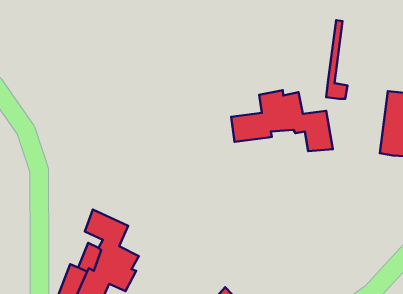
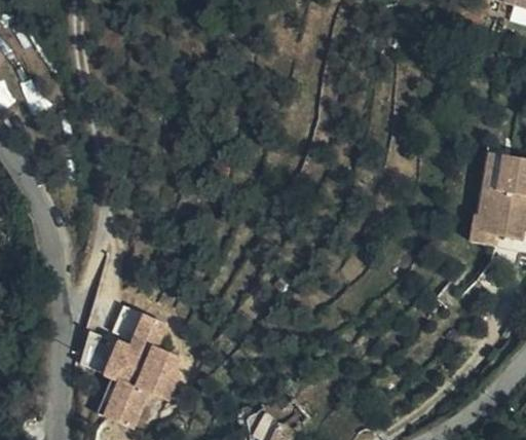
building: [326,20,347,99] -> [476,153,502,252]
building: [231,90,333,151] -> none

